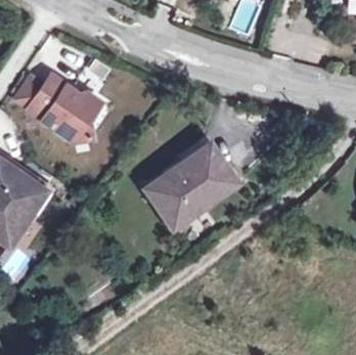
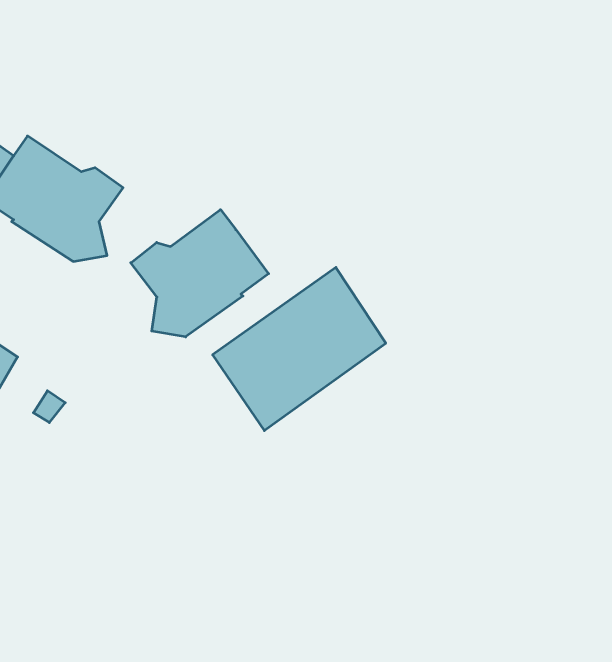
building: none -> [131,210,269,337]

